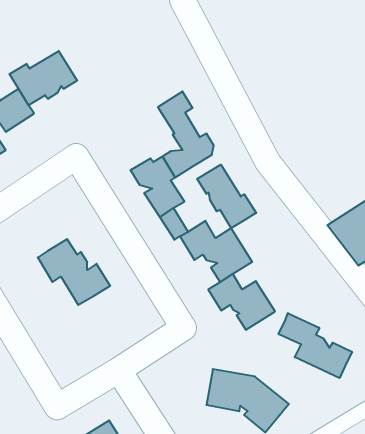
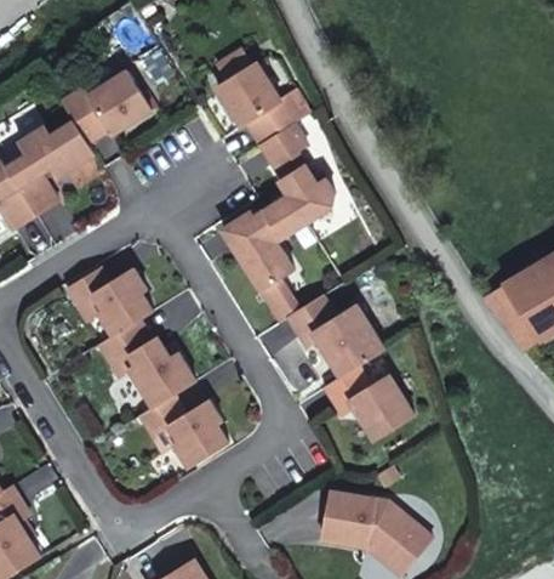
building: none -> [216,62,299,143]
building: [197,165,256,228] -> none
building: none -> [67,267,153,334]
building: none -> [141,393,228,466]
building: [279,313,352,378] -> none

